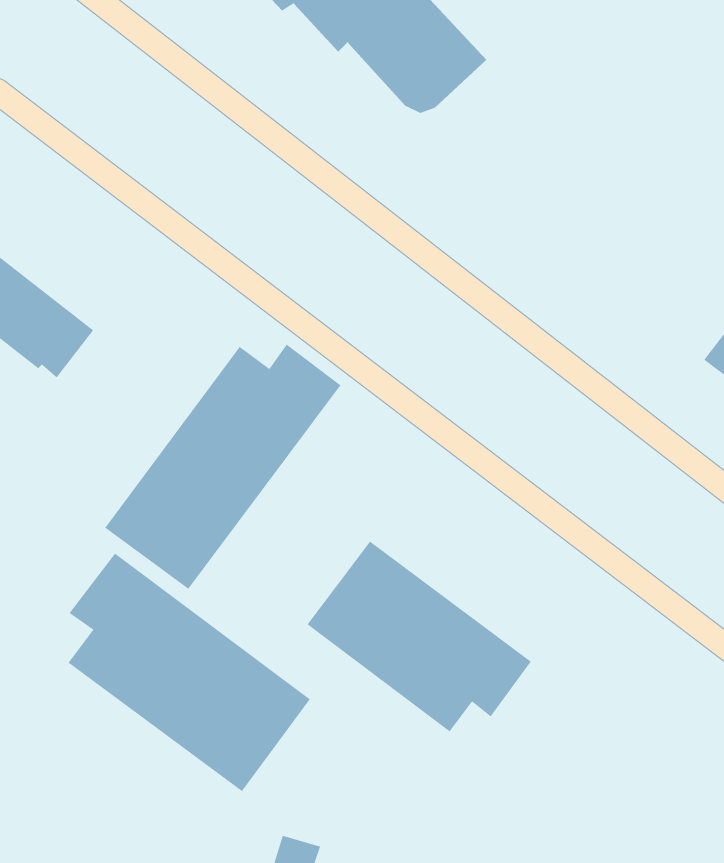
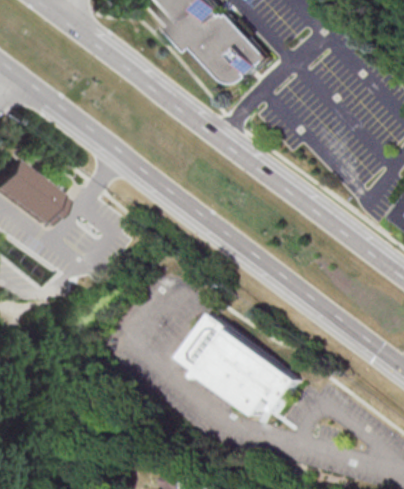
building: [104,343,341,590] -> none
building: [68,552,311,792] -> none

